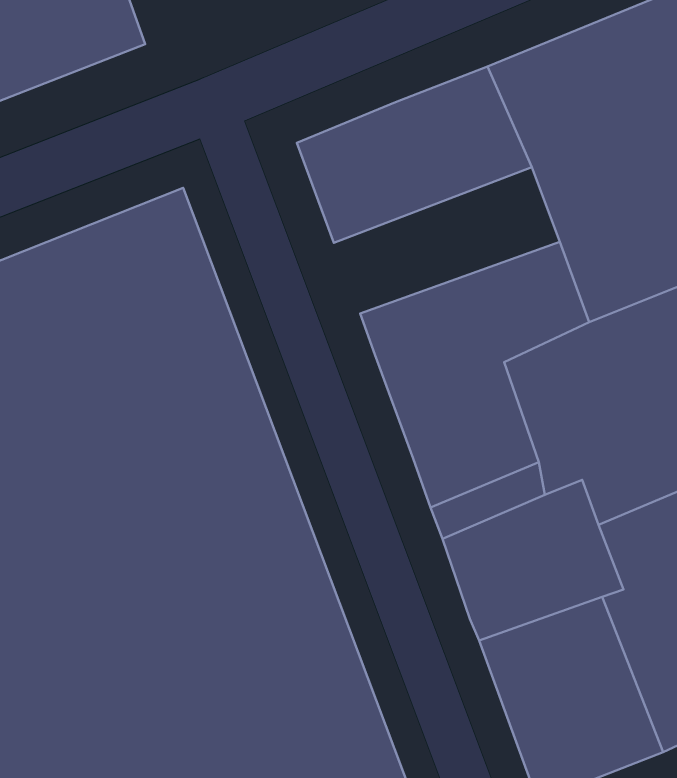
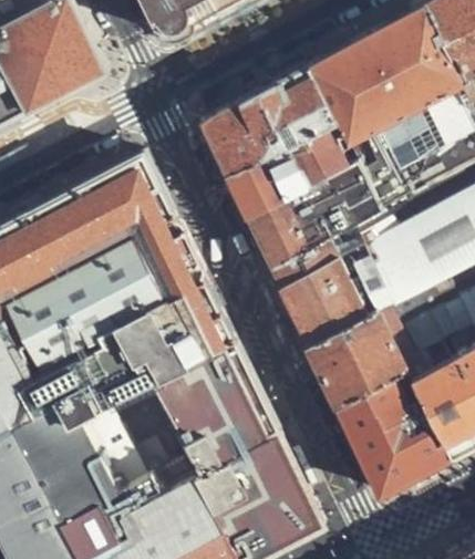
building: none -> [227,125,360,221]

